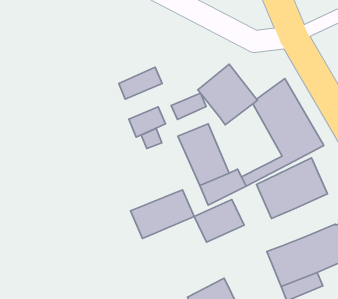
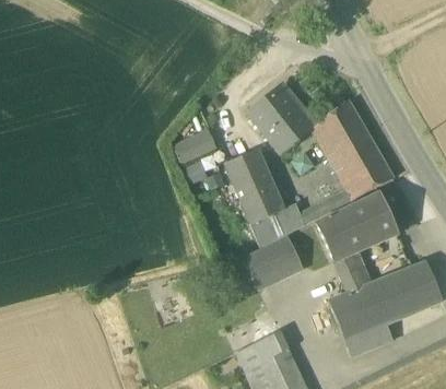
building: [119,67,162,99] -> none
building: [171,93,206,120] -> none
building: [131,190,194,238] -> none
building: none -> [332,250,373,293]

